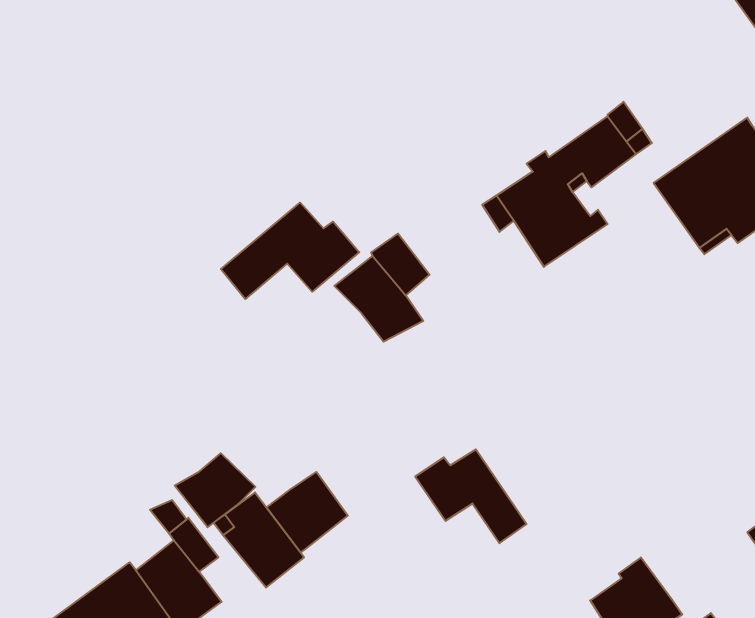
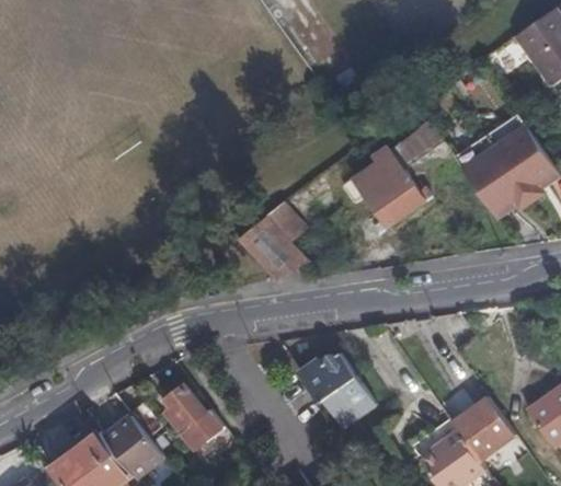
building: [221,203,359,299] -> none
building: [175,453,255,527] -> none
building: [266,472,348,553] -> none
building: none -> [448,392,513,456]

